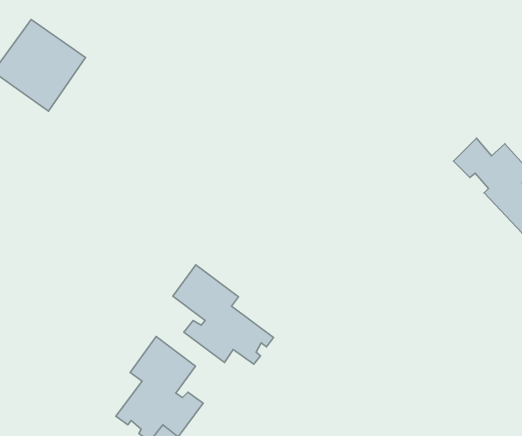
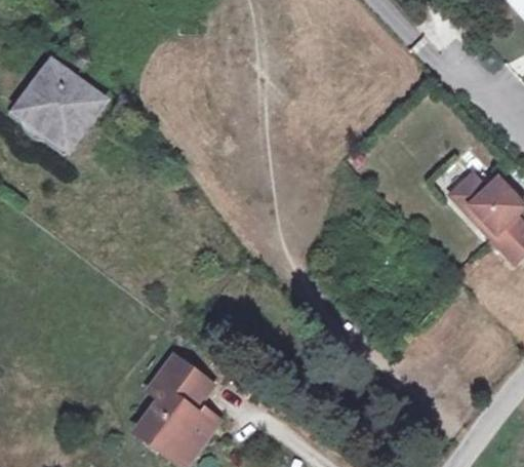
building: [173,265,274,364] -> none

